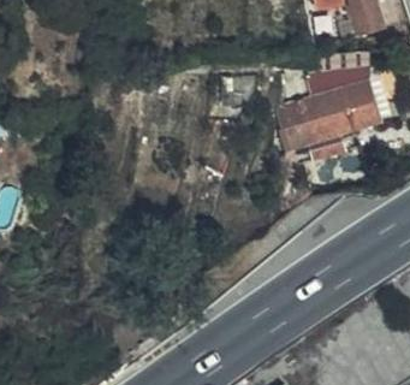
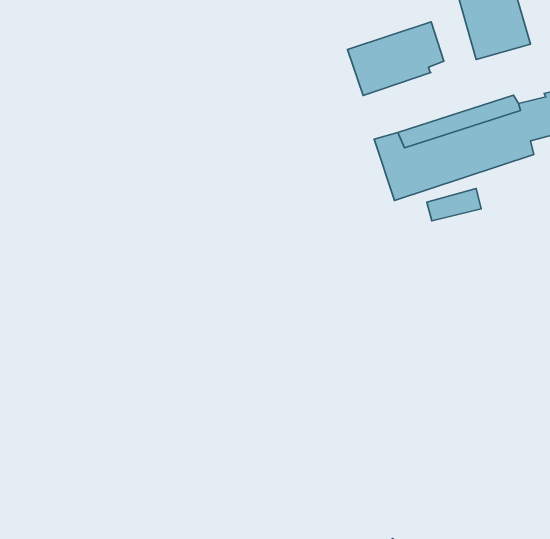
building: none -> [348,22,444,95]

